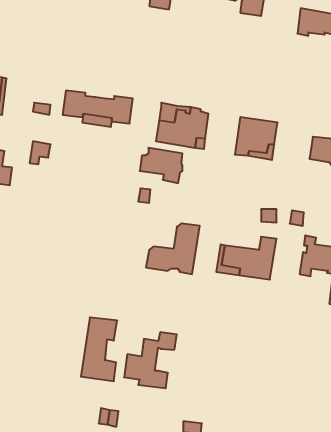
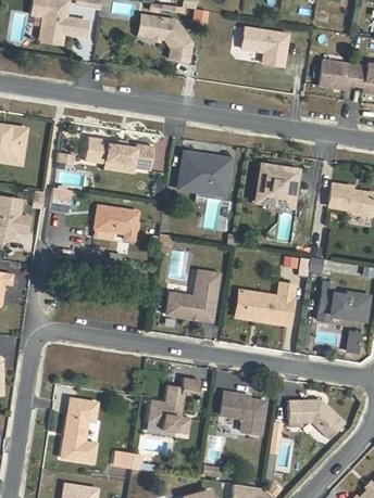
building: [140,148,182,183] -> [91,207,134,242]
building: [81,317,117,381] -> [59,400,95,463]
building: none -> [217,393,263,435]
building: none -> [286,398,342,438]

